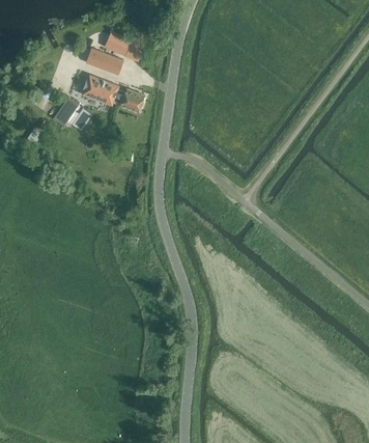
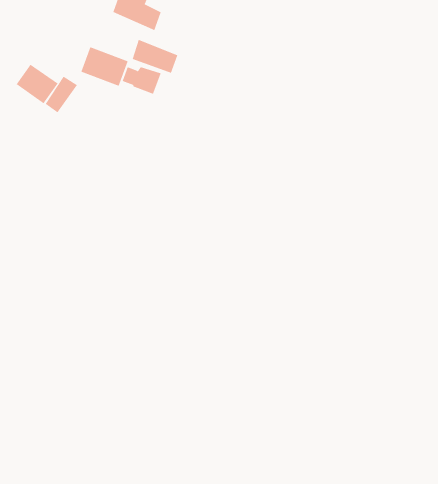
building: [86,48,122,75] -> [132,39,178,74]
building: none -> [16,64,58,104]

